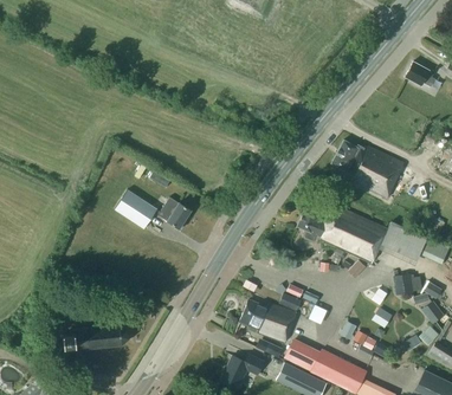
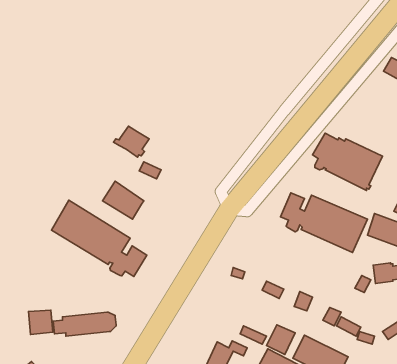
building: [155,198,192,229] -> [114,126,149,157]
building: none -> [51,200,147,276]
building: [240,299,297,344] -> none
building: none -> [29,310,53,335]

